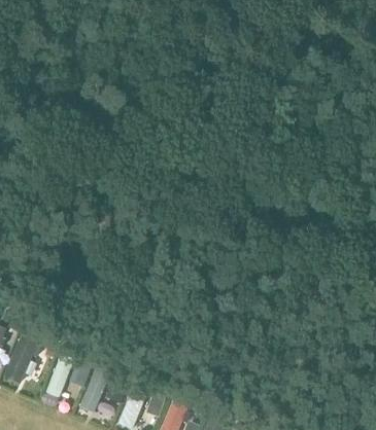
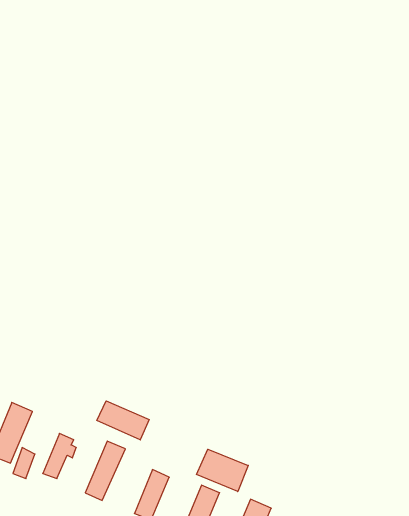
building: none -> [97,401,149,440]
building: none -> [197,449,248,492]

